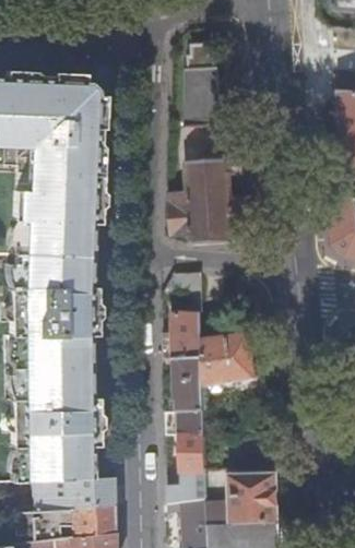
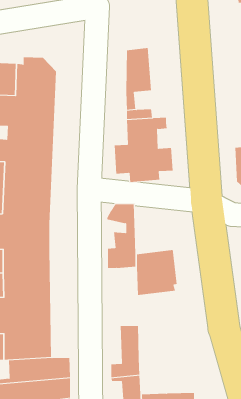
building: [166,357,205,434] -> none
building: [206,476,281,525] -> none

